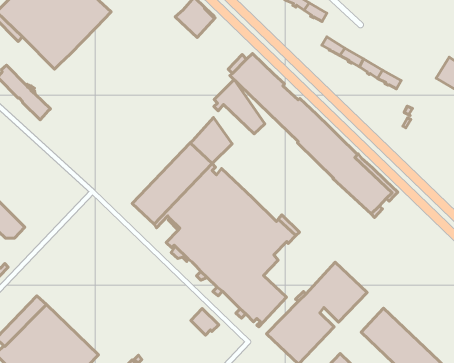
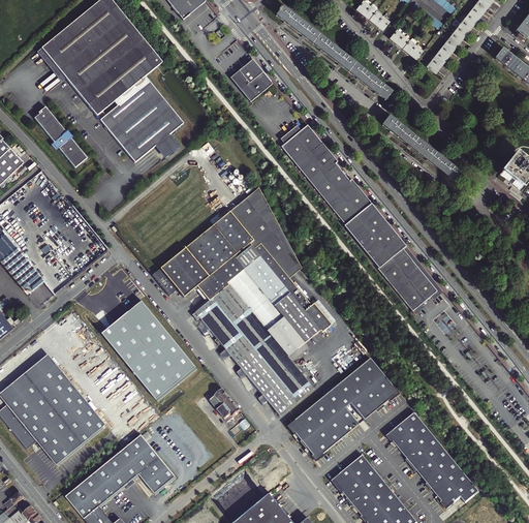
building: none -> [95,76,183,163]
building: [214,80,265,134] -> [249,217,301,277]
building: none -> [102,301,196,399]

